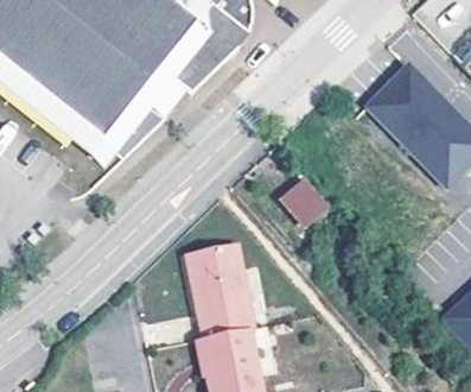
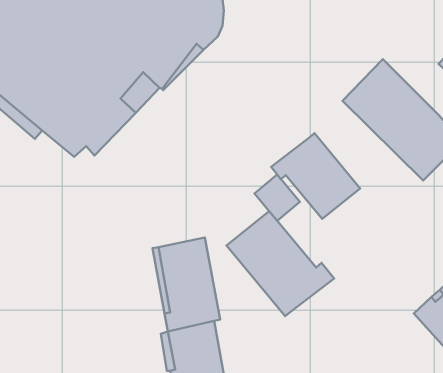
building: none -> [271,133,360,219]
building: none -> [227,211,334,316]

